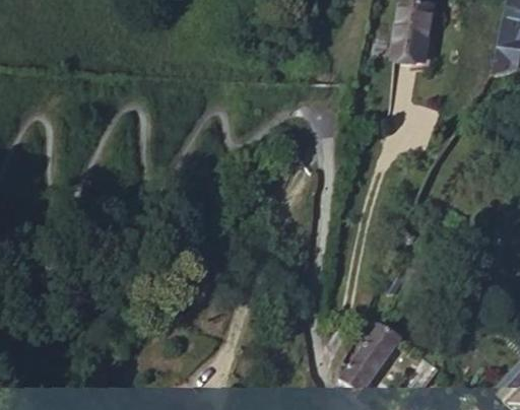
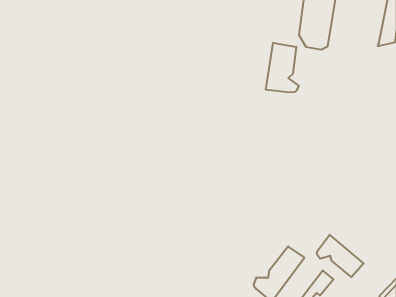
building: none -> [266,43,299,92]
building: none -> [317,235,364,277]

